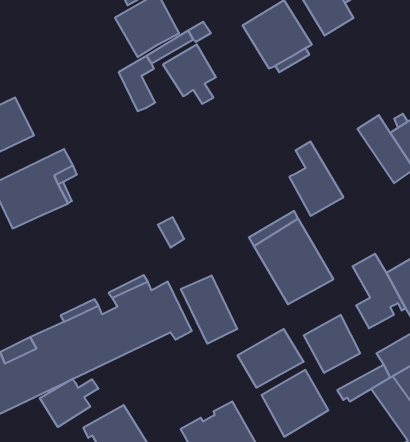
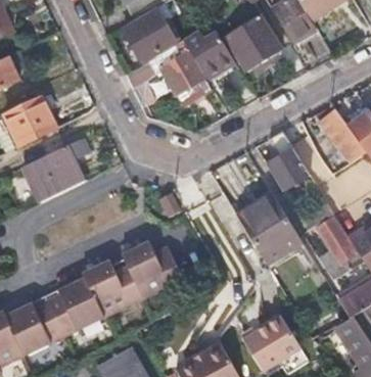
building: none -> [196,40,237,77]
building: [181,275,237,344] -> none
building: [304,315,360,373] -> none
building: [238,329,304,388] -> none
building: [40,379,99,427] -> none

